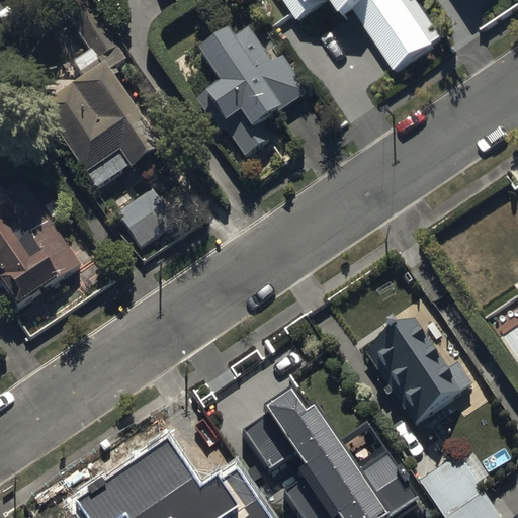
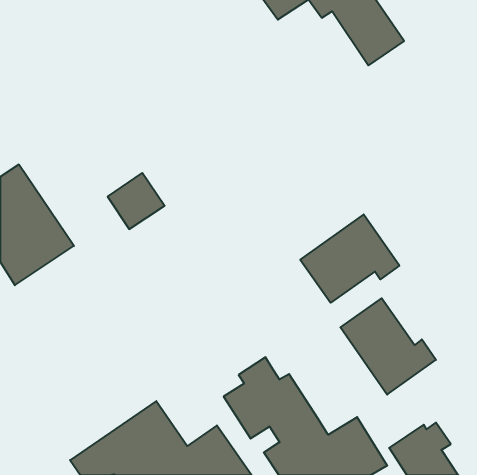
building: [37,4,161,190] -> none
building: [192,23,306,156] -> none
building: none -> [300,214,399,303]

